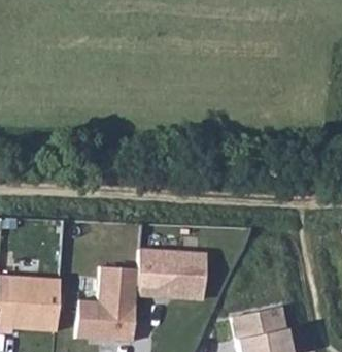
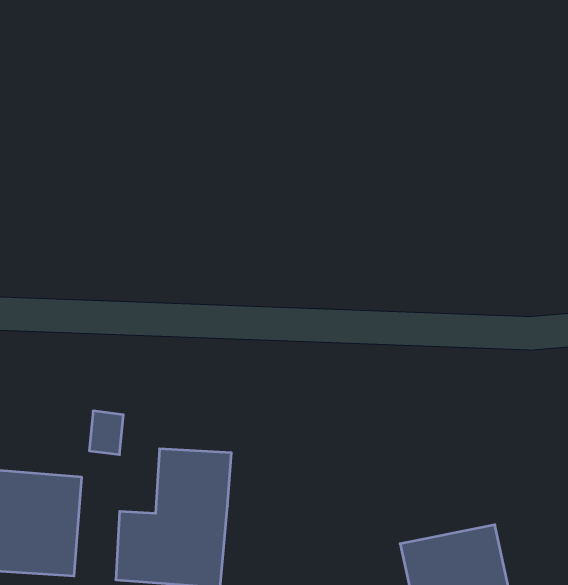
building: [138,246,209,300] -> none

